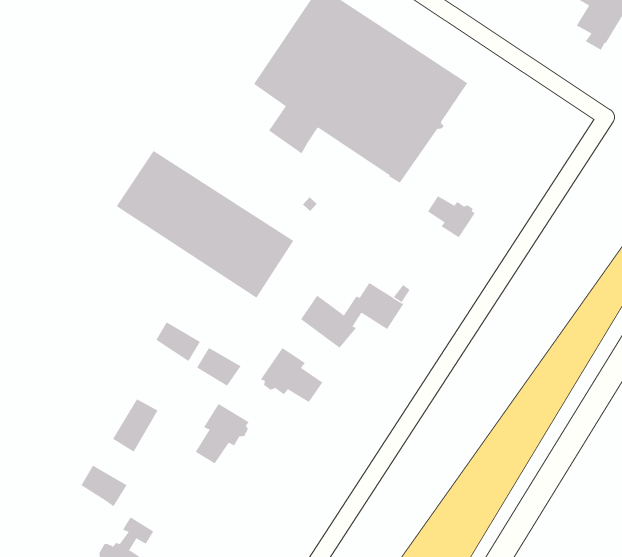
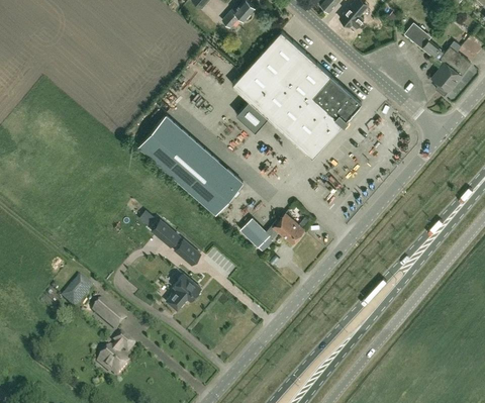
building: [427,195,476,238] -> none
building: [260,347,323,403] -> none
building: [112,398,159,453] -> [62,277,92,309]

